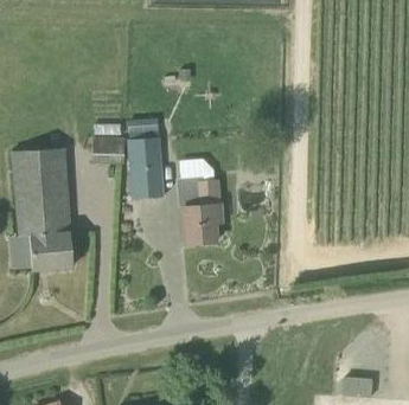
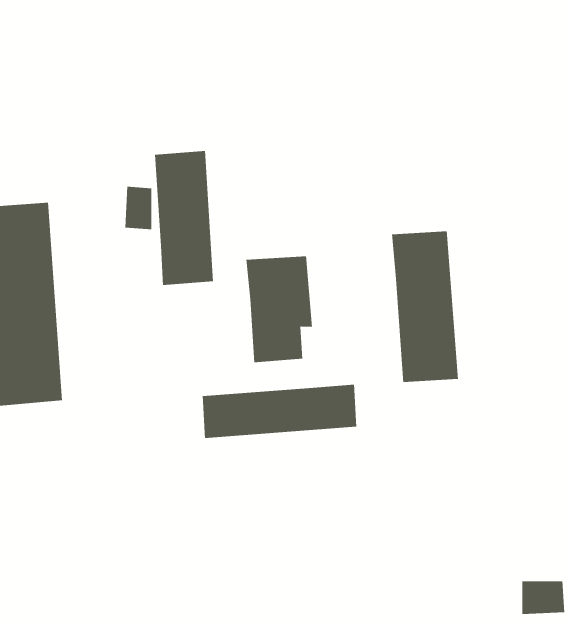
building: none -> [391,231,459,383]
building: none -> [202,384,357,439]

